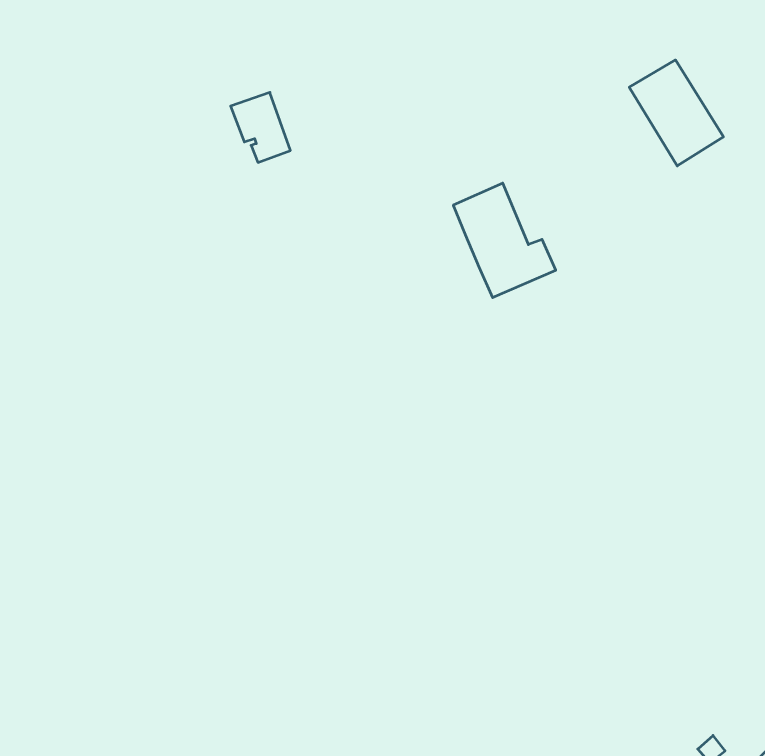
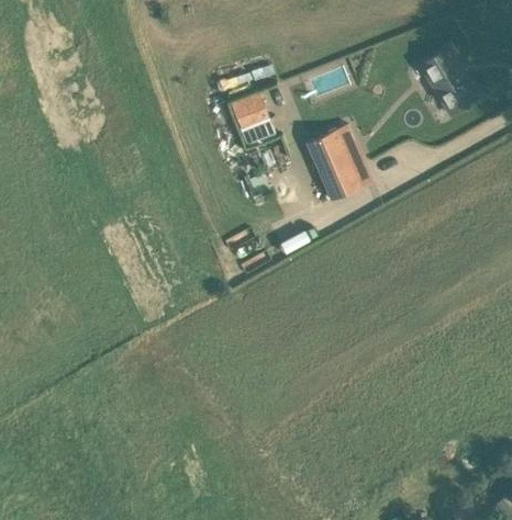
building: [231,92,290,162] -> [234,94,272,139]

